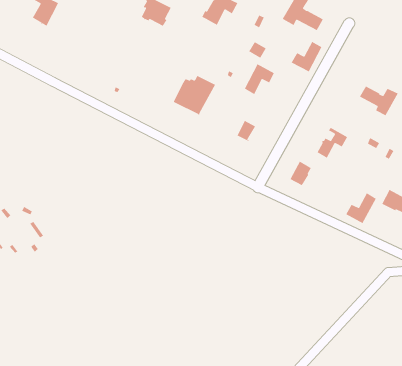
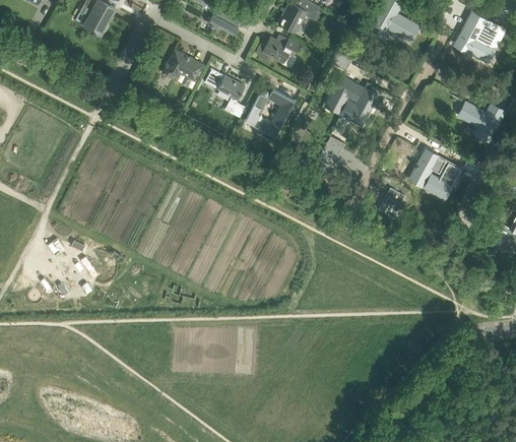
building: none -> [454,12,503,61]
building: none -> [256,37,299,63]
building: none -> [163,50,204,81]
building: [290,41,322,73] -> [340,88,377,125]
building: none -> [204,68,245,118]
building: [345,192,377,224] -> [424,162,460,198]

